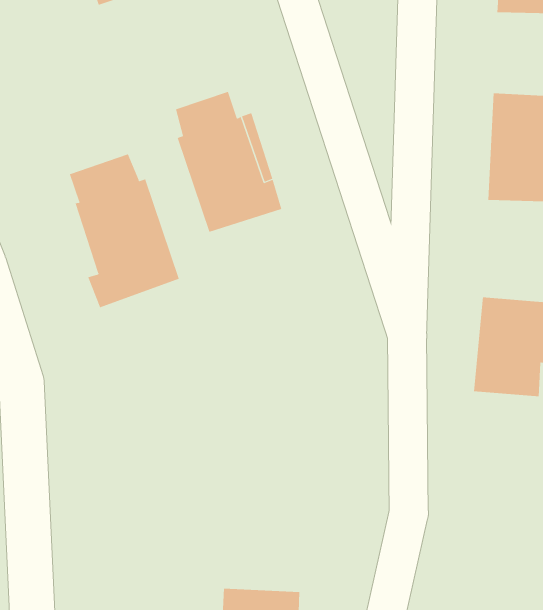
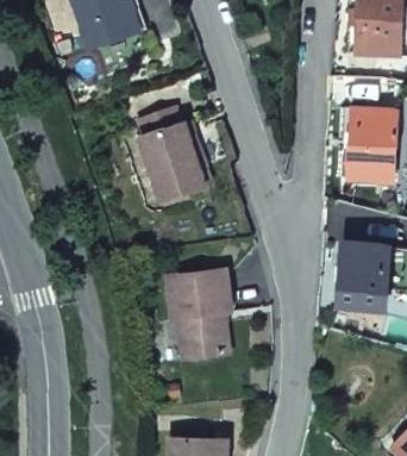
building: [69,153,180,308] -> none
building: none -> [168,270,230,358]

